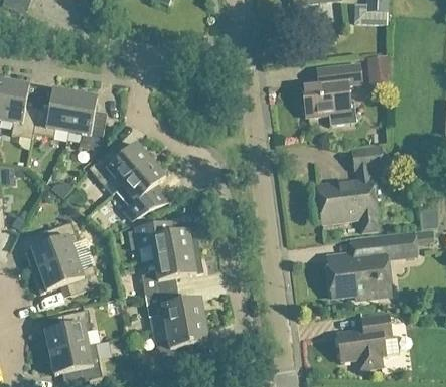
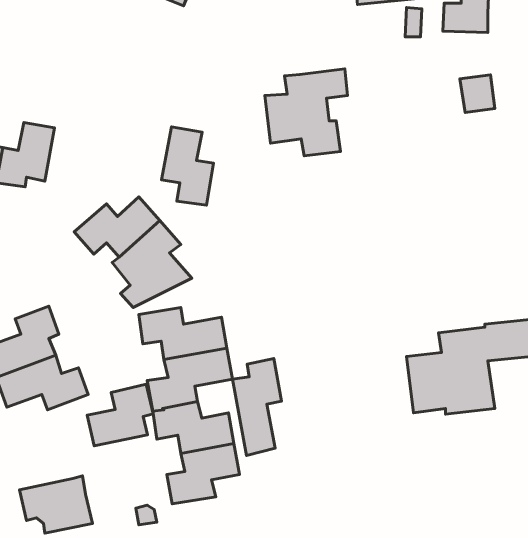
building: [302,62,361,125] -> [265,69,347,156]
building: [67,92,105,149] -> [162,127,213,205]
building: [316,145,383,231] -> none
building: none -> [233,359,281,455]
building: [44,308,92,352] -> [87,384,153,446]
building: [336,314,398,369] -> none

